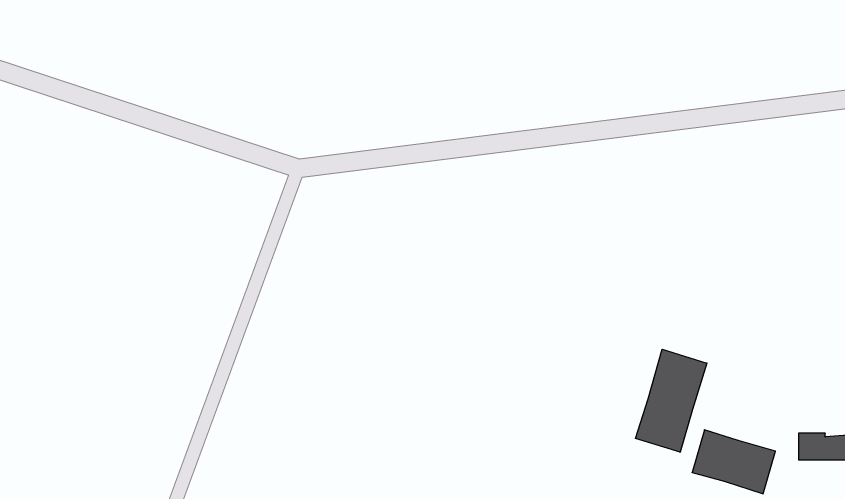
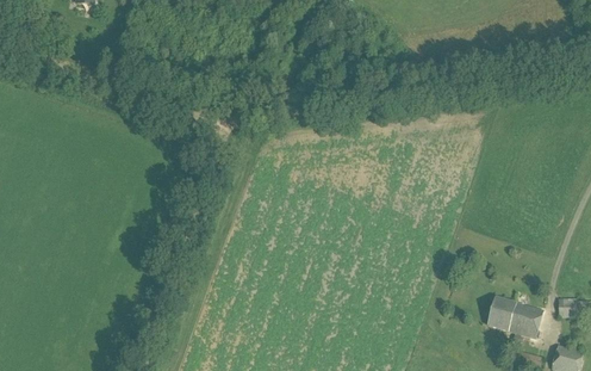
building: [635,349,707,452] -> none

